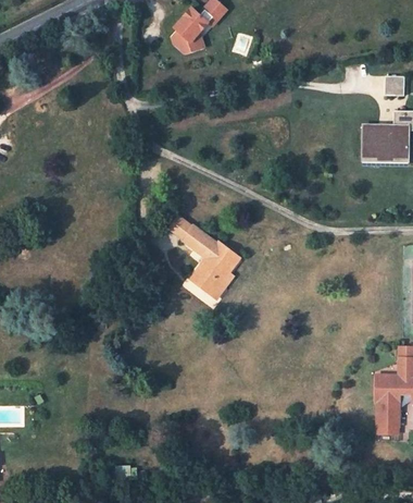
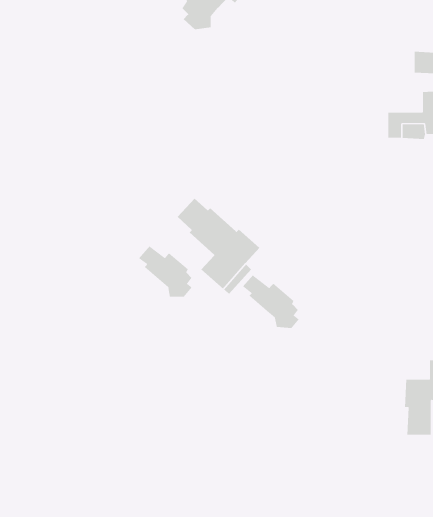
building: none -> [138,246,193,297]
building: none -> [242,275,299,329]

